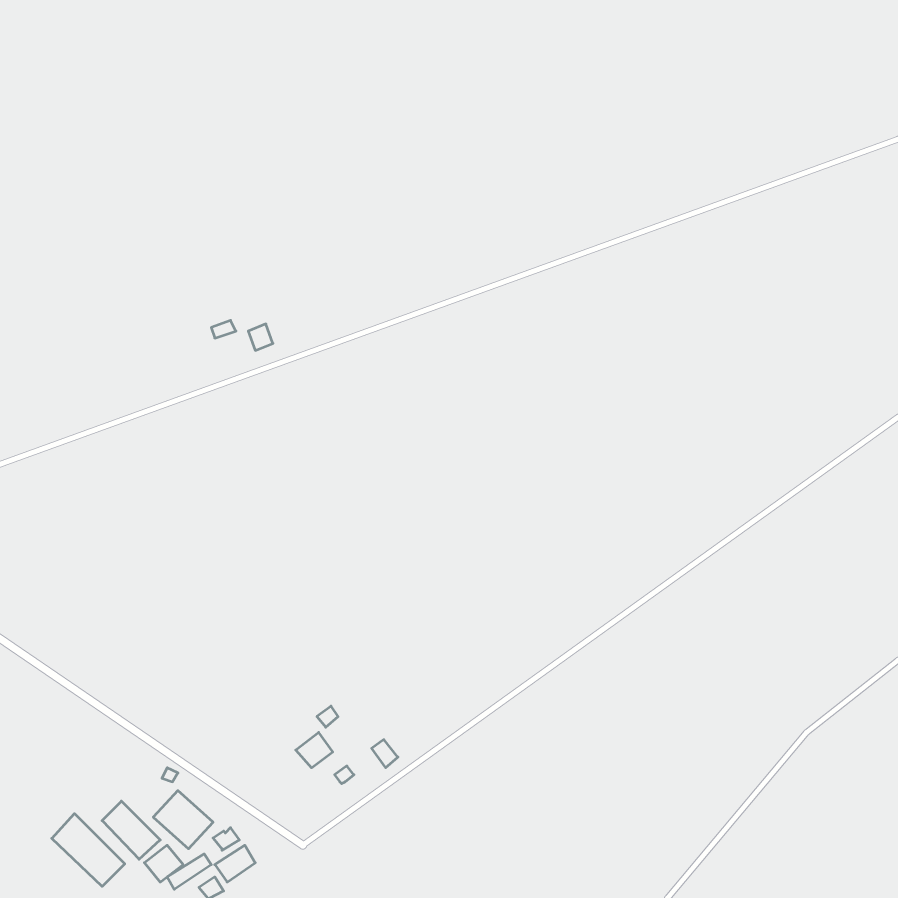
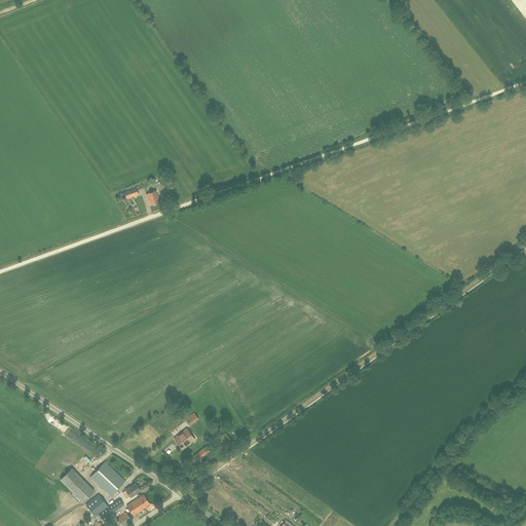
building: [52,814,125,886] -> none

